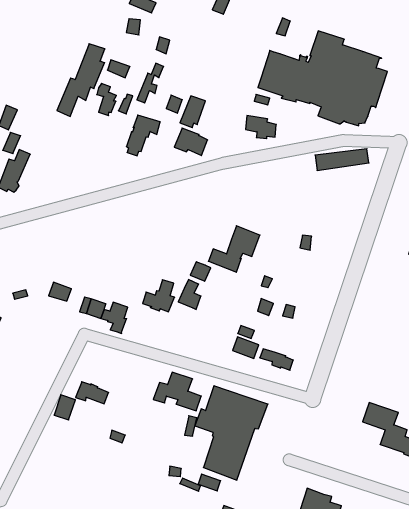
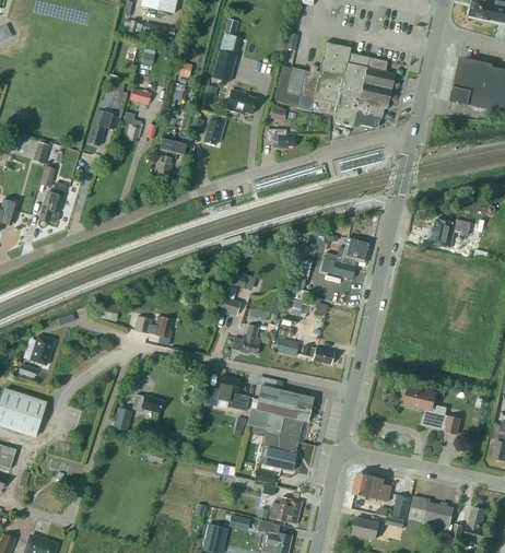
building: none -> [212,51,235,81]
building: [174,128,208,156] -> [225,90,256,114]
building: [208,226,260,272] -> [325,235,371,279]
building: [143,280,175,312] -> [231,323,260,353]

